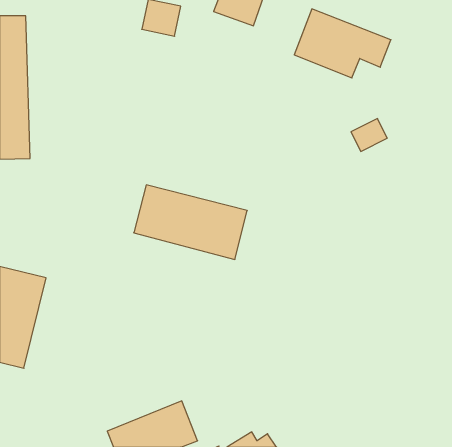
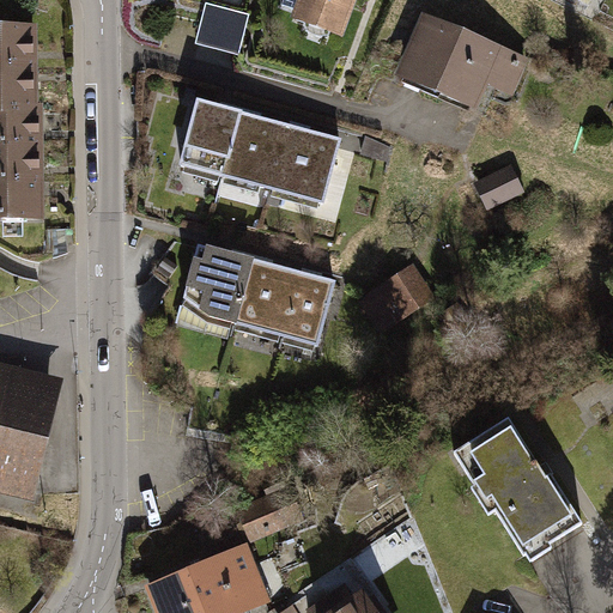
building: none -> [178,108,340,210]
building: none -> [359,260,435,328]
building: none -> [451,417,576,559]

